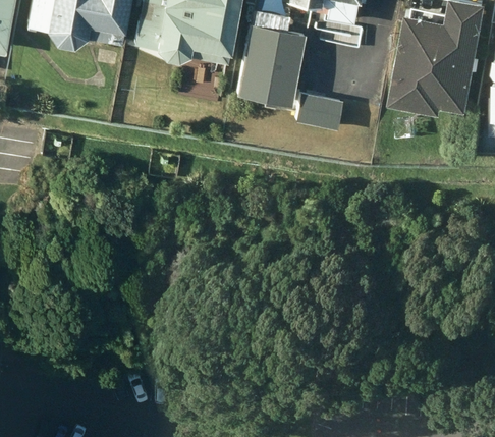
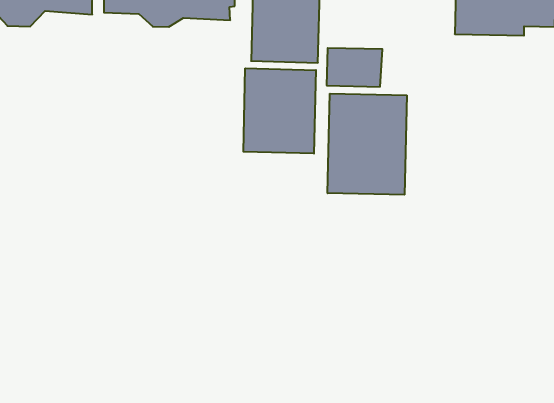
building: none -> [243,68,316,154]
building: none -> [328,94,407,195]

